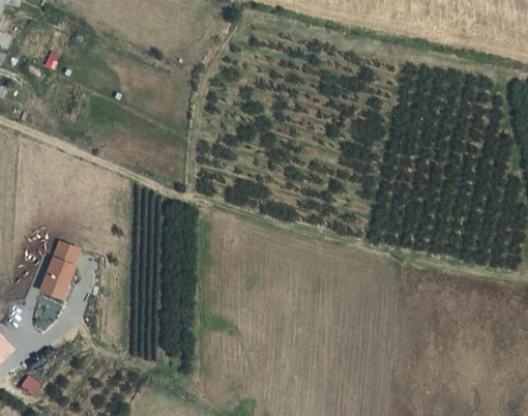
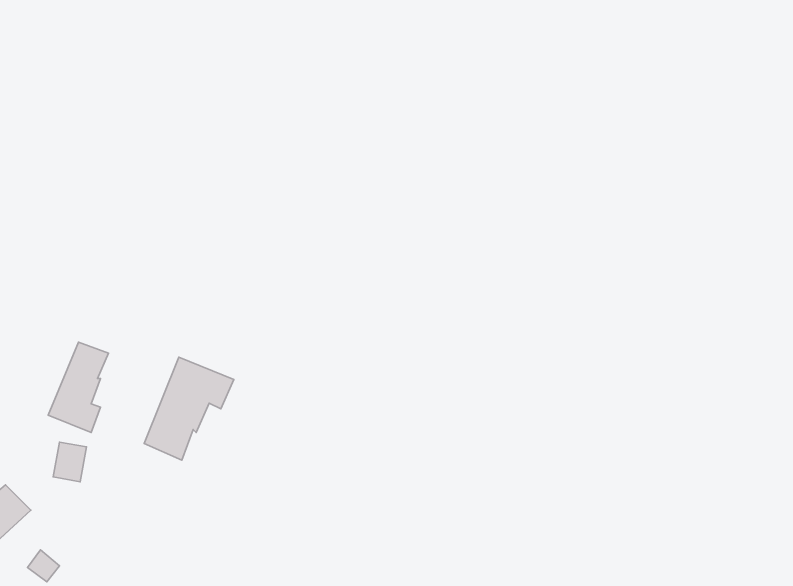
building: none -> [144,357,234,460]

